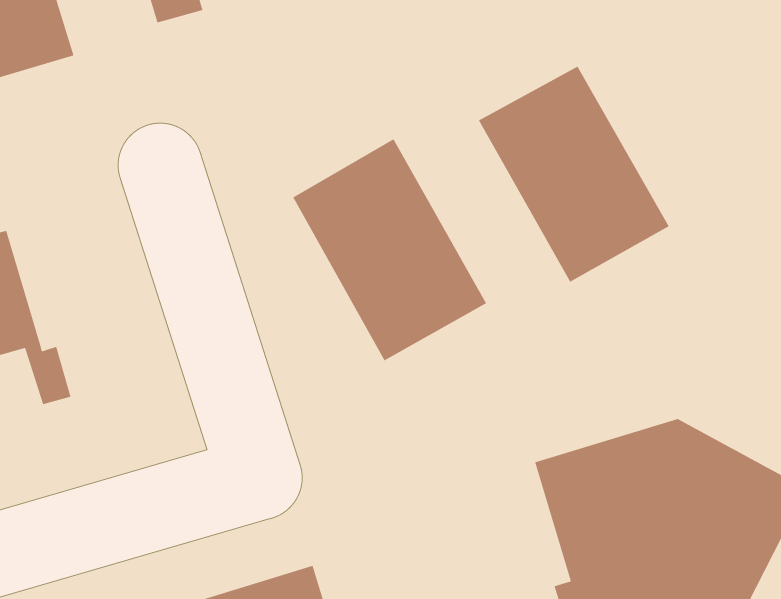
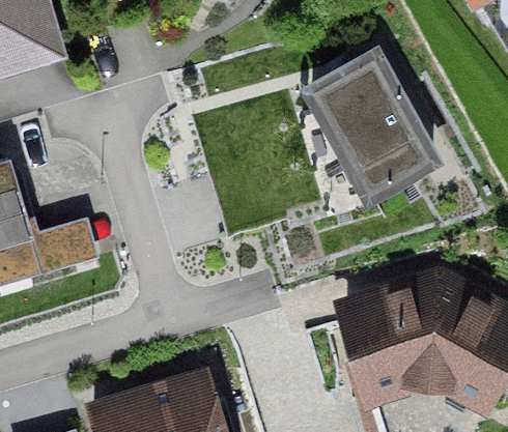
building: [292,138,487,362] -> none

